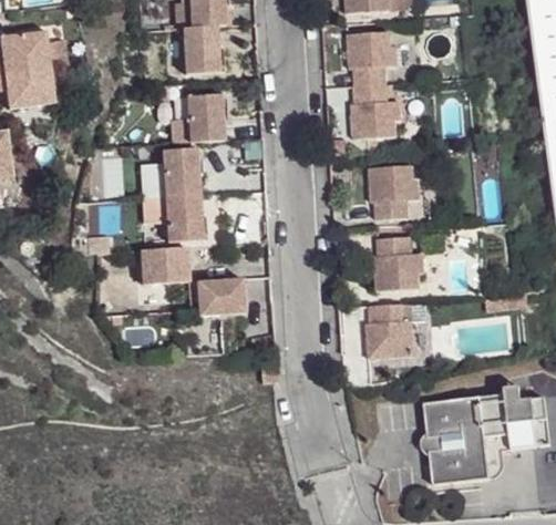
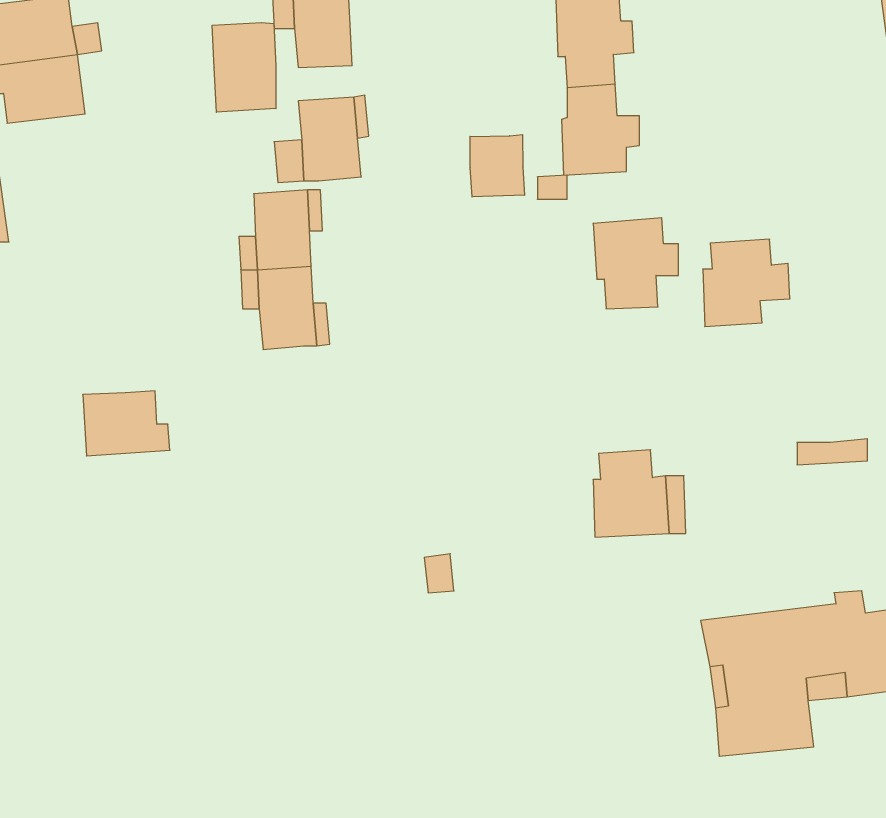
building: none -> [212,23,276,112]
building: none -> [470,135,524,197]
building: [369,236,421,288] -> [703,239,790,327]
building: [141,247,193,286] -> [83,391,170,456]
building: [197,278,244,318] -> none

